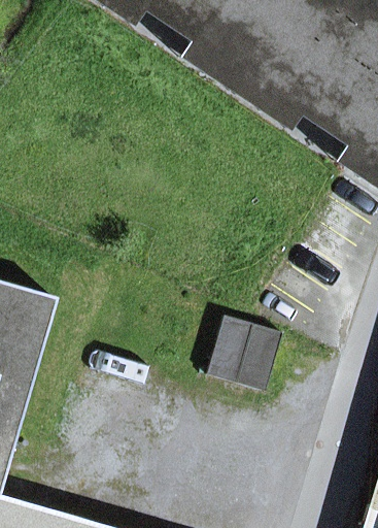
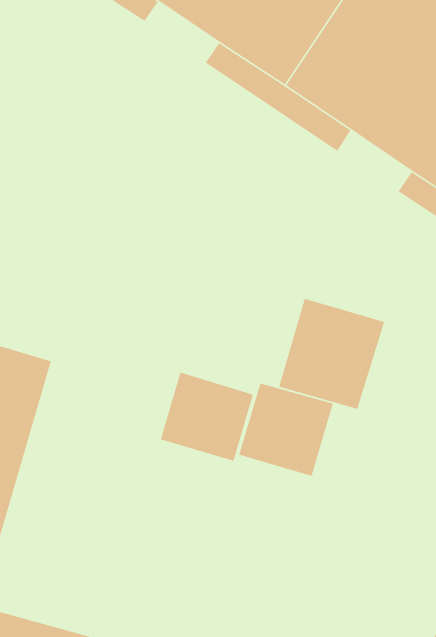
building: none -> [278,298,385,410]
building: none -> [160,371,254,462]

